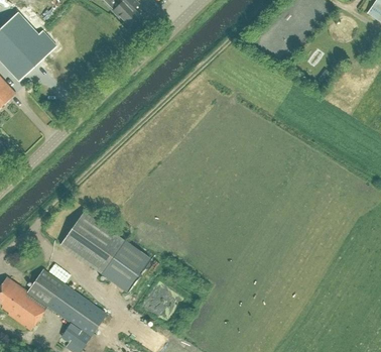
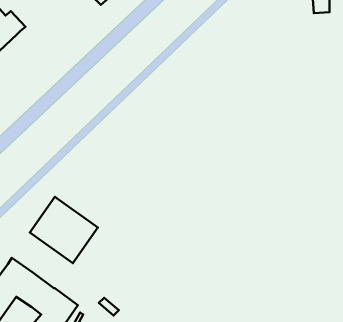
building: [101,239,149,290] -> none
building: [142,281,176,314] -> none

